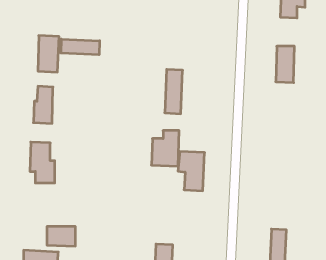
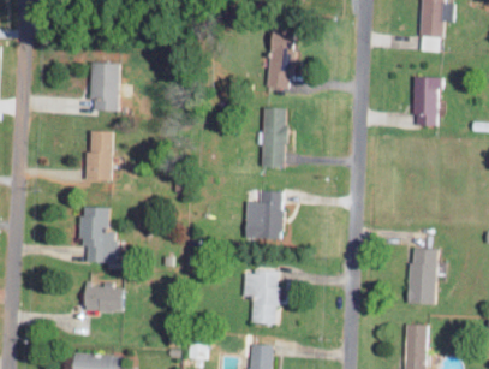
building: none -> [268,32,292,87]
building: [61,39,100,55] -> none
building: [178,152,205,191] -> [244,270,280,323]
building: none -> [409,248,437,304]
building: [47,227,75,246] -> [84,285,123,311]

